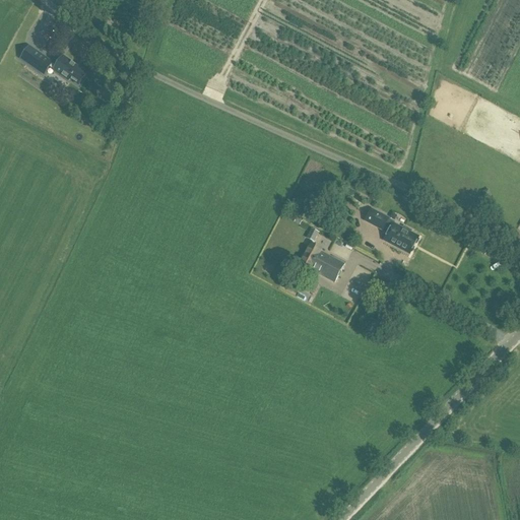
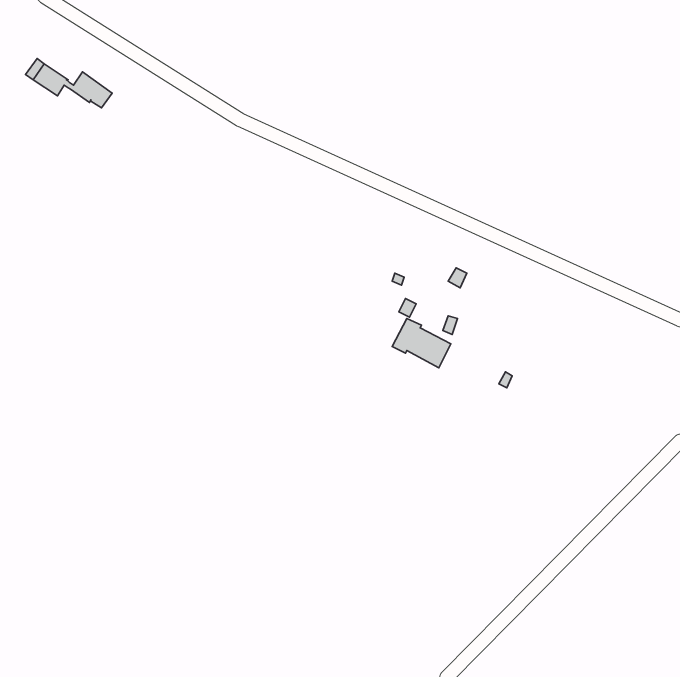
building: [365,207,417,252] -> none

